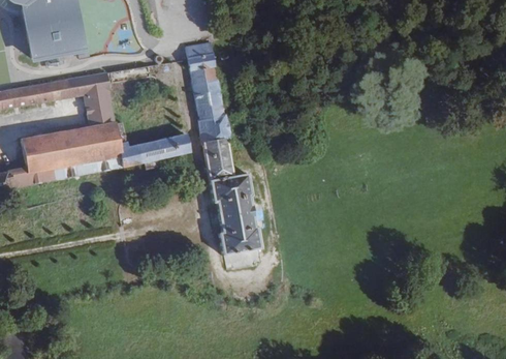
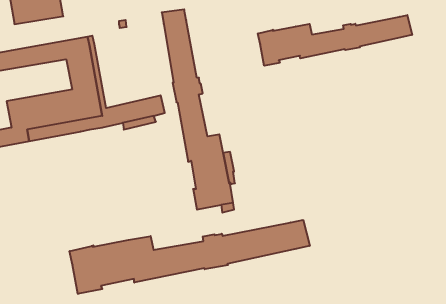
building: none -> [258,15,412,66]
building: none -> [70,220,310,294]

